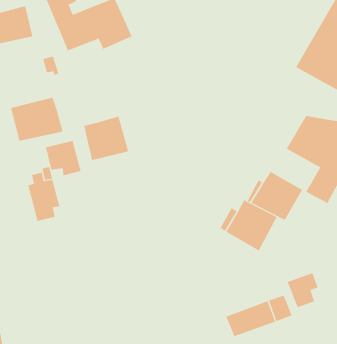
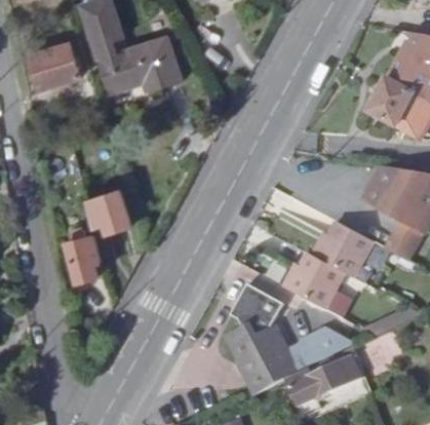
building: [11,97,63,142] -> none
building: [83,116,129,161] -> none
building: none -> [228,286,352,396]

